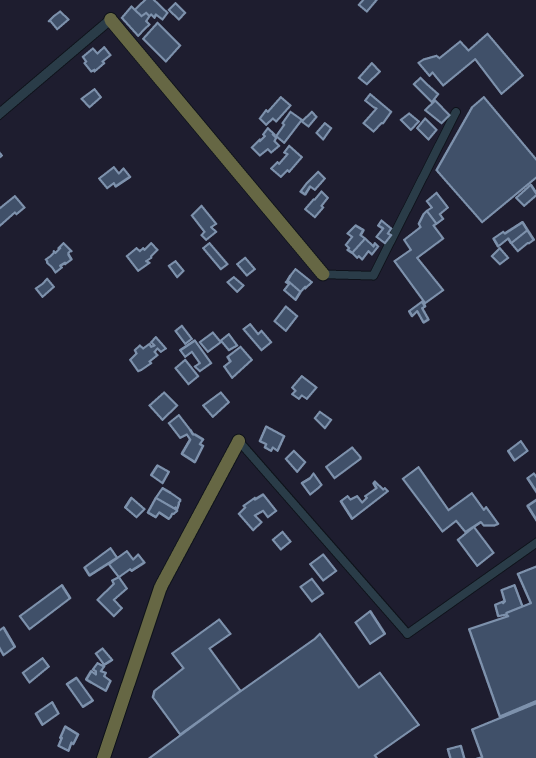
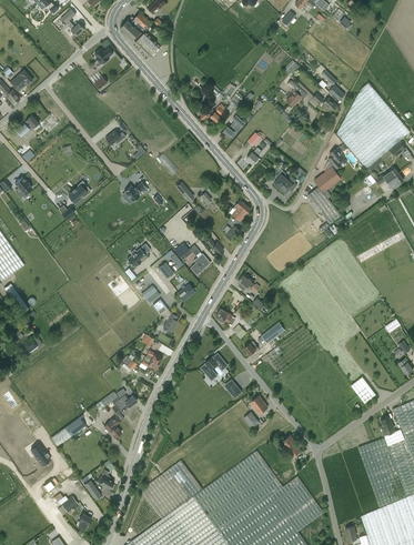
building: [419,34,523,94] -> none
building: [403,467,498,532] -> none

